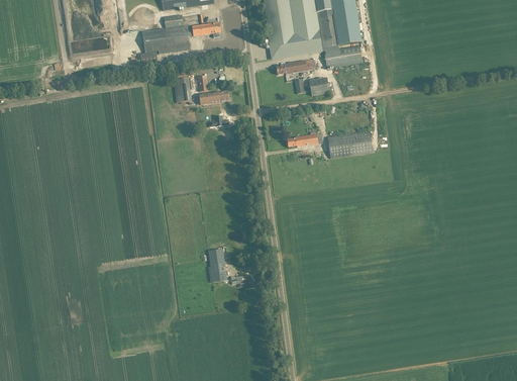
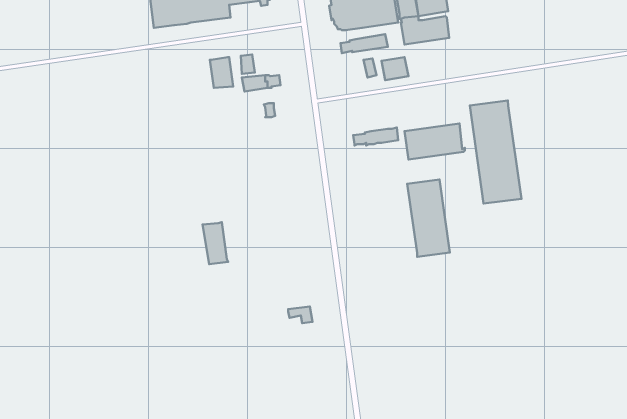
building: none -> [470,101,522,204]
building: none -> [407,180,450,257]
building: [208,247,228,280] -> [203,222,228,264]

